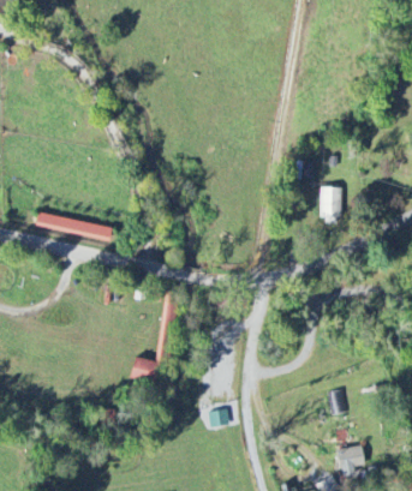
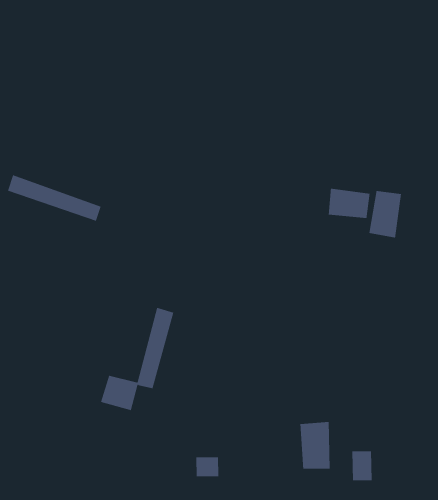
building: none -> [328,188,370,219]
building: none -> [300,421,330,470]

